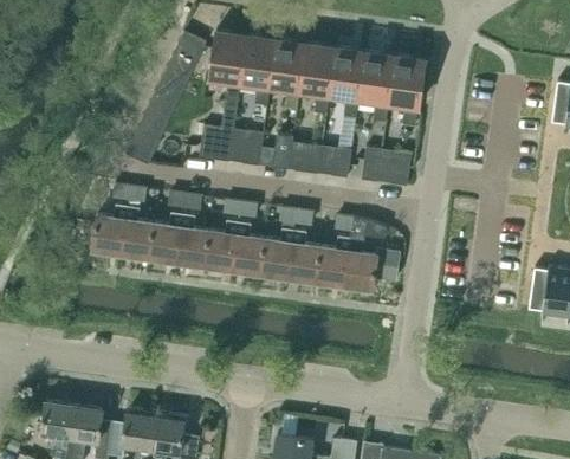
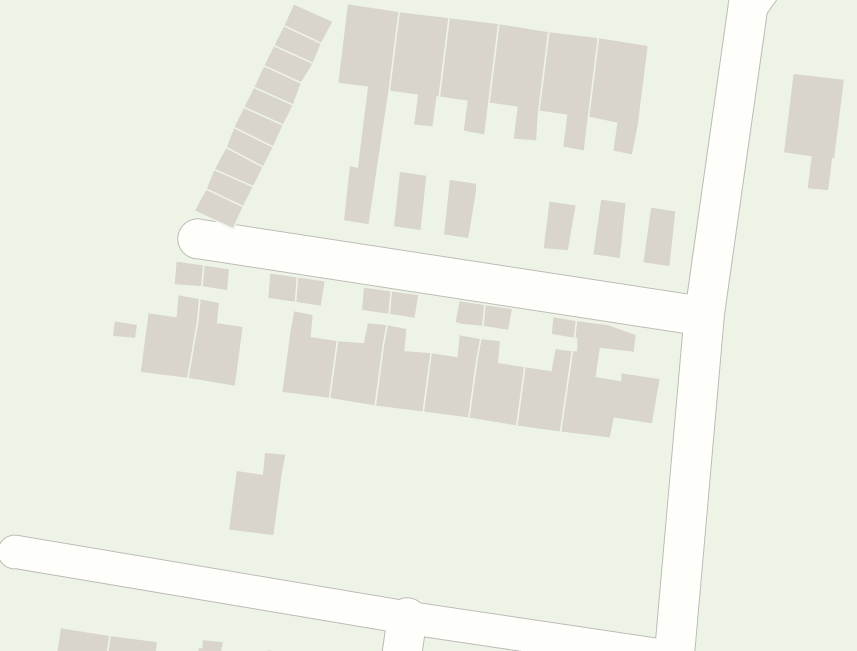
building: [388,56,425,125] -> [783,73,845,191]
building: [287,142,322,174] -> none
building: [149,212,183,261] -> [228,452,286,536]

